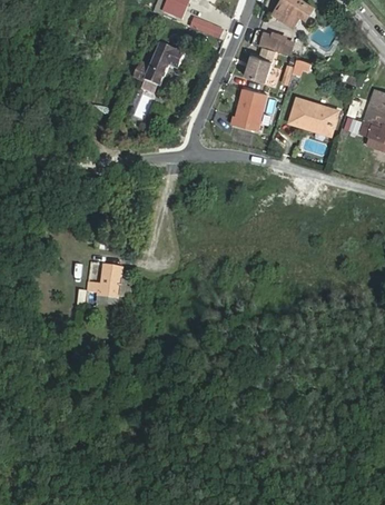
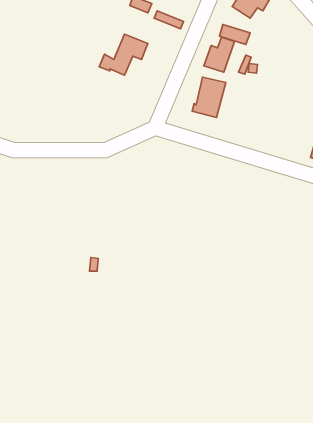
building: [289,98,336,131] -> none
building: [86,261,124,297] -> none

